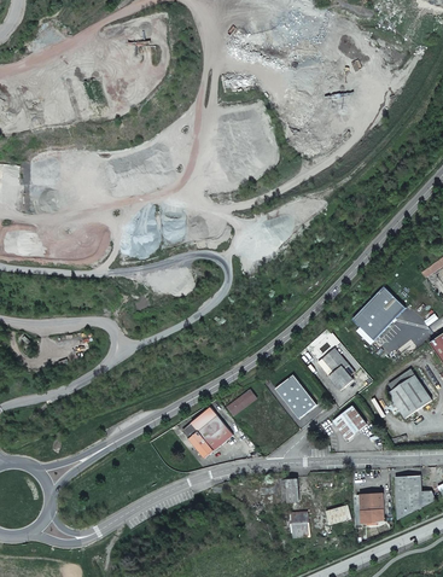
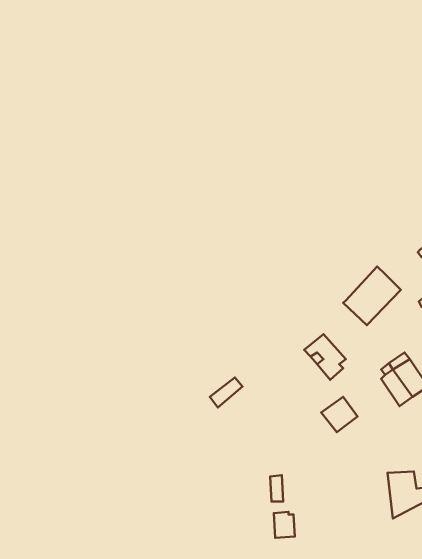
building: [274,374,315,418] -> none
building: [188,408,233,459] -> none
building: [351,494,383,524] -> none

